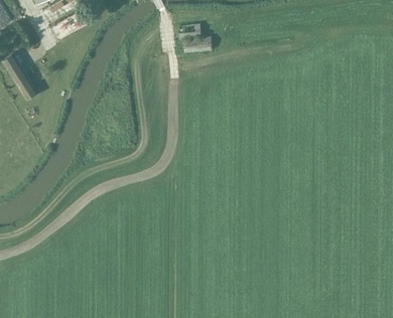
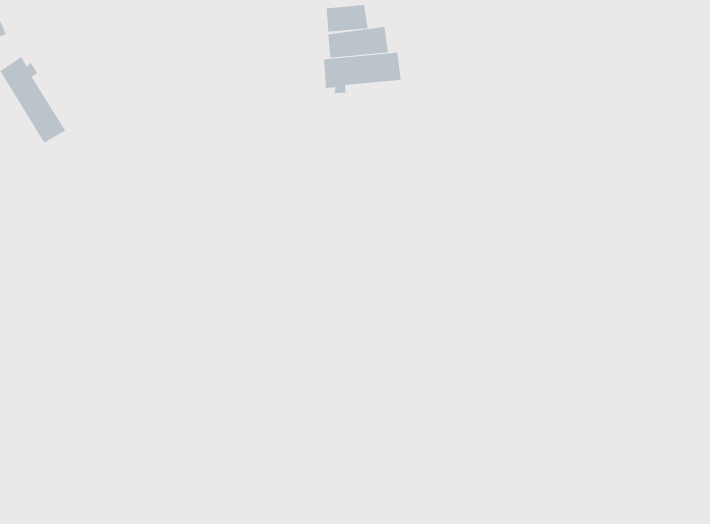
building: none -> [323,52,401,94]

